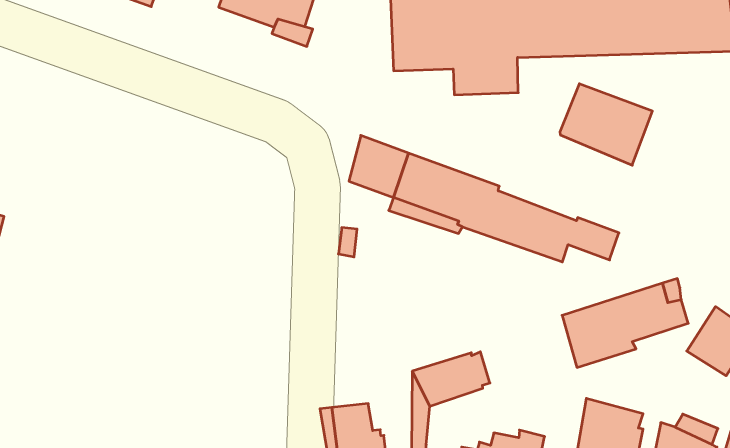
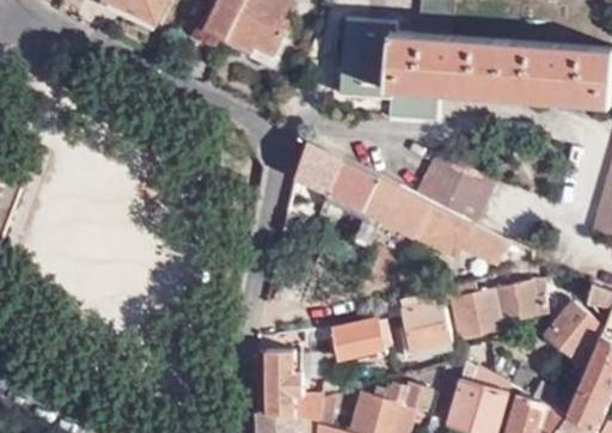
building: [560,84,652,165] -> [417,155,491,224]
building: none -> [402,293,449,350]

